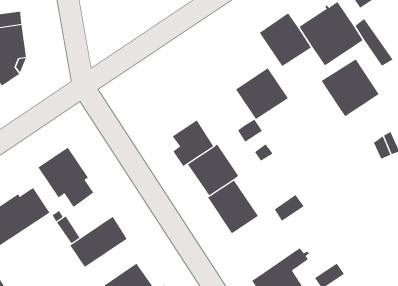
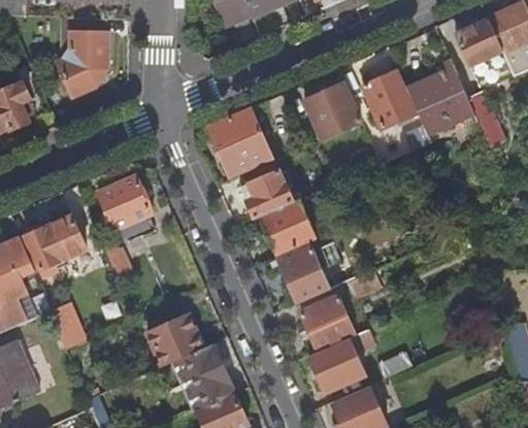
building: [321,58,379,117] -> none
building: [235,67,289,120] -> [304,84,361,138]
building: none -> [208,108,272,179]
building: [69,216,128,268] -> none
building: none -> [300,298,355,352]

